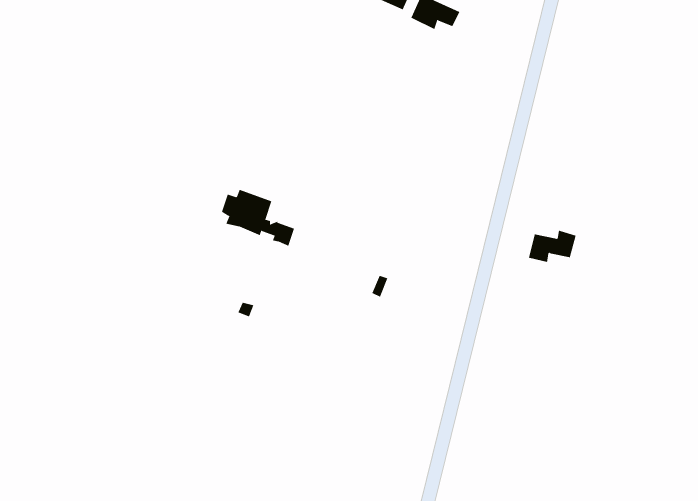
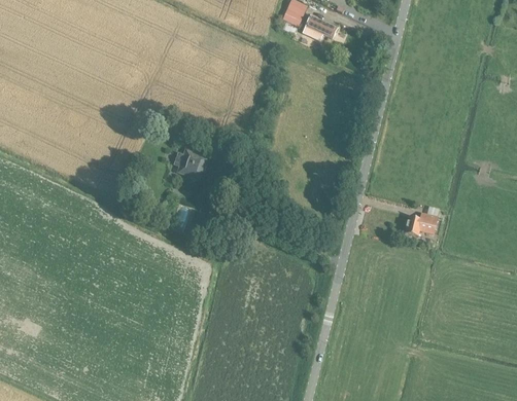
building: [528,229,576,262] -> [406,214,439,236]

